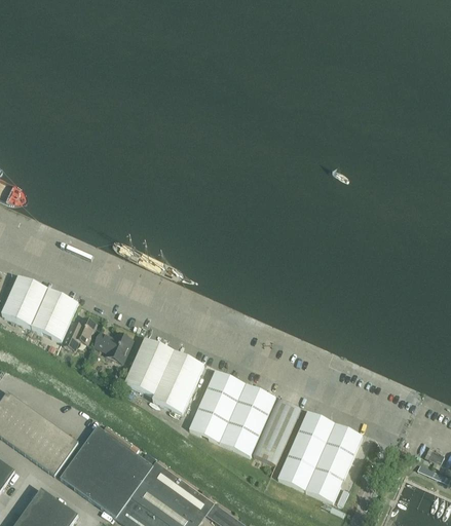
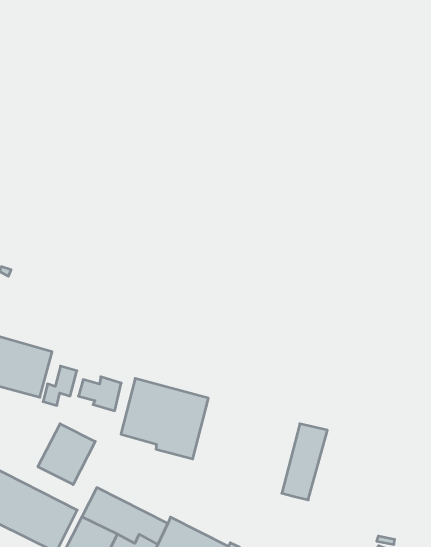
building: none -> [38,424,95,485]
building: [188,371,275,457] -> none
building: [277,412,362,503] -> none

